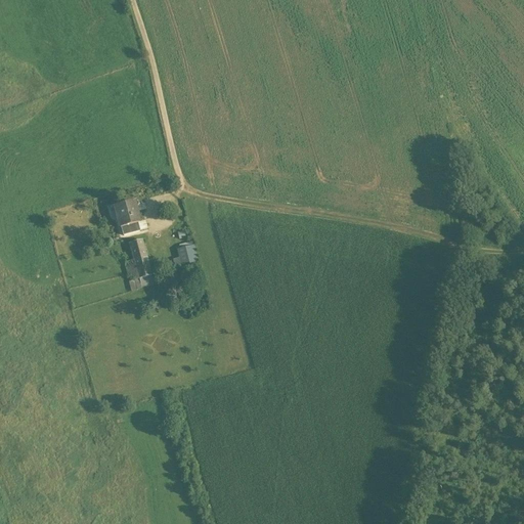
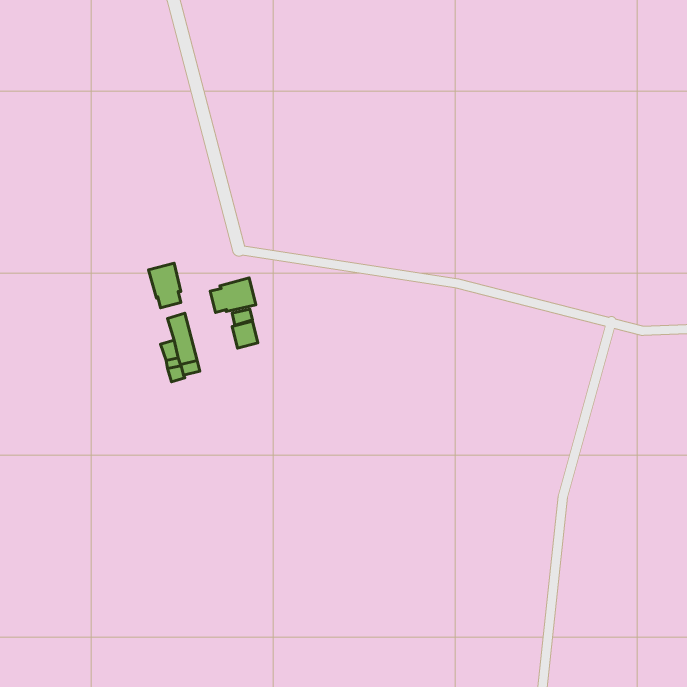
building: none -> [210,278,256,313]

